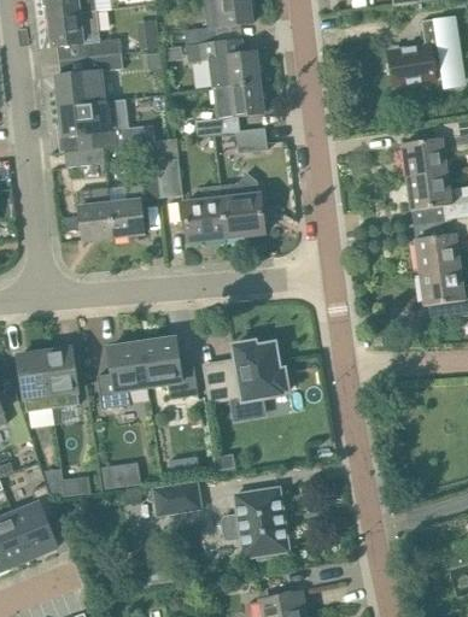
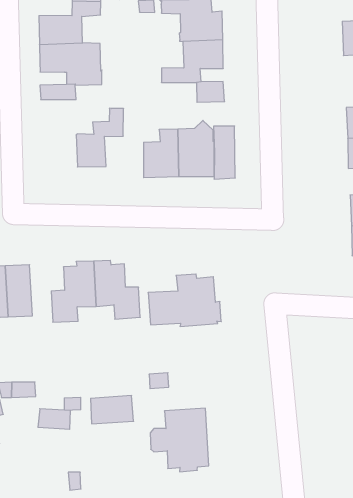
building: [154,137,183,198] -> [214,126,235,179]
building: [77,187,113,240] -> none
building: [101,462,136,483] -> [38,409,70,429]

